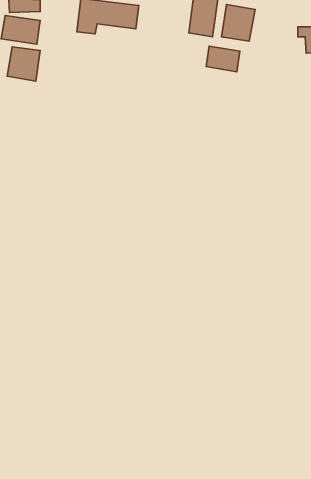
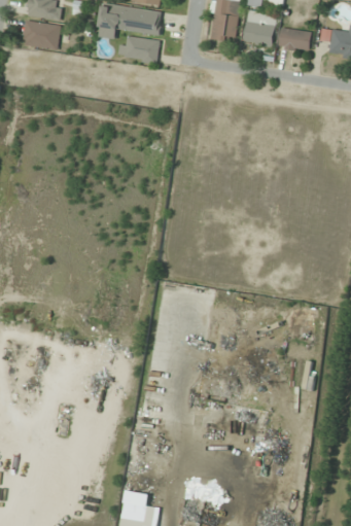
building: none -> [116,35,160,64]
building: [206,46,240,72] -> [277,27,311,52]
building: [7,47,40,81] -> none

